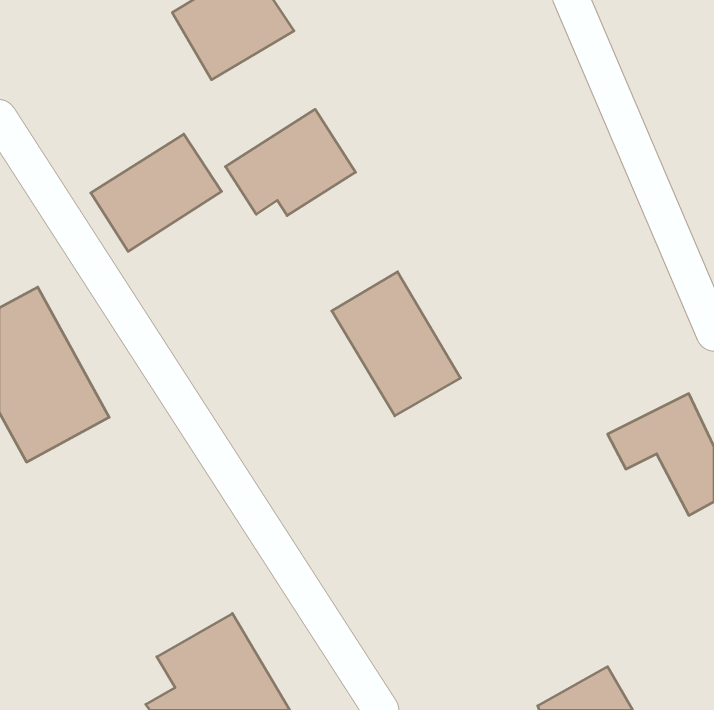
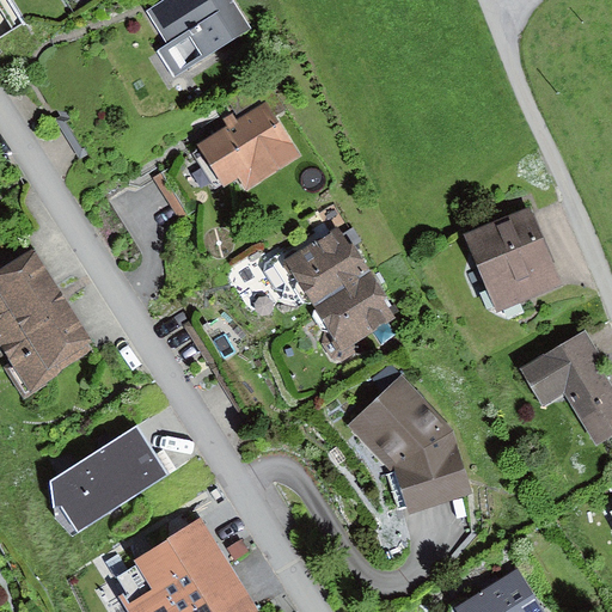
building: [91,134,222,251] -> none
building: none -> [463,212,557,307]
building: none -> [348,373,475,514]
building: none -> [43,432,165,545]

